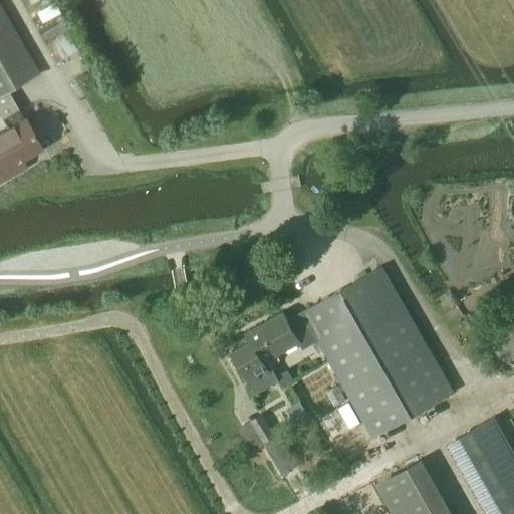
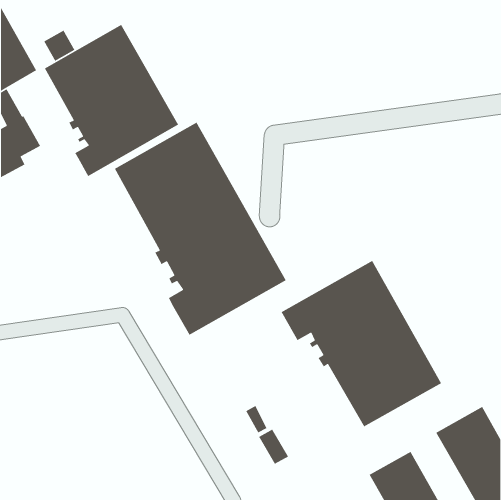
building: none -> [44,24,179,177]
building: none -> [114,122,287,336]
building: [232,313,300,394] -> none

